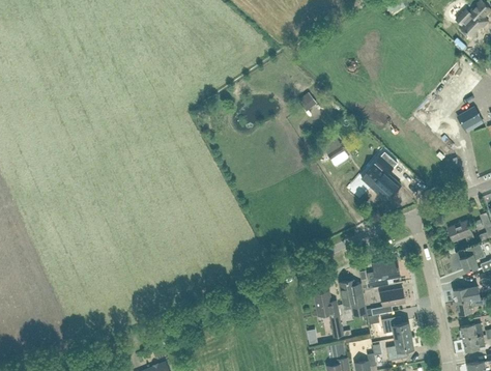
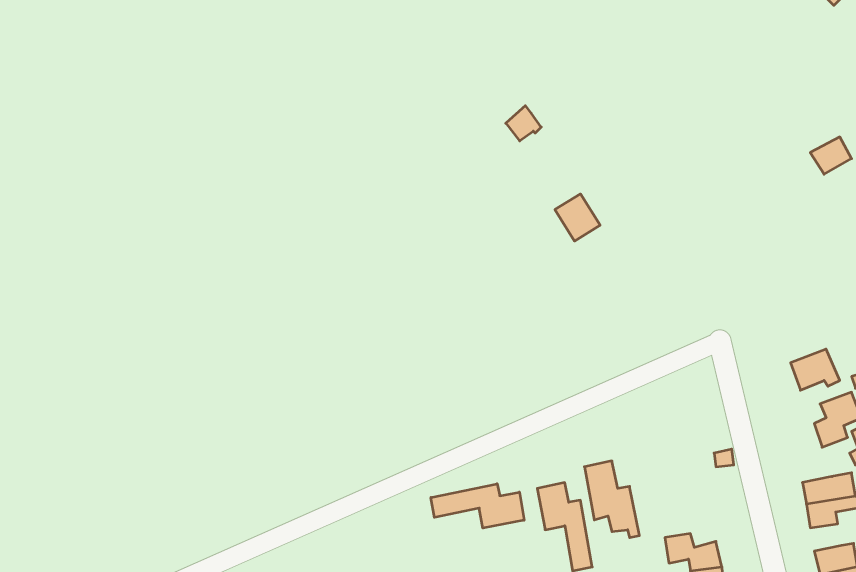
building: [362,152,401,201] -> none
building: [367,259,400,288] -> none
building: [371,289,405,315] -> none
building: none -> [431,484,524,528]

